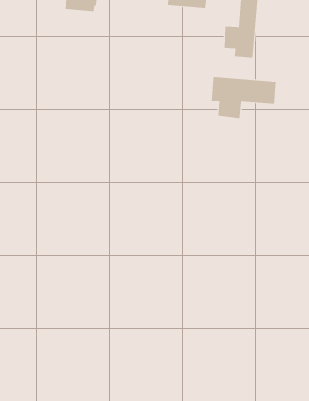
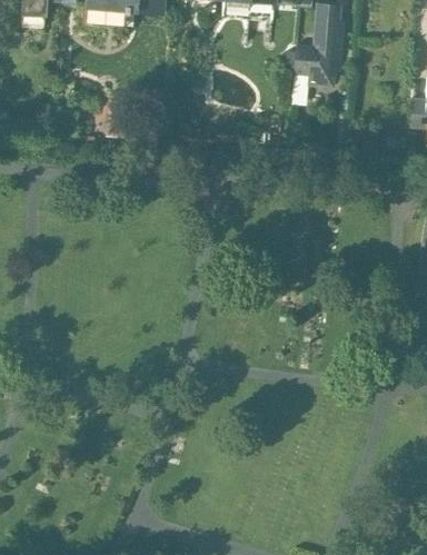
building: [211,76,276,119] -> none

